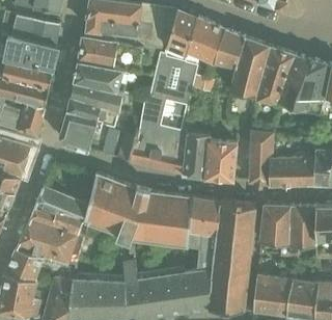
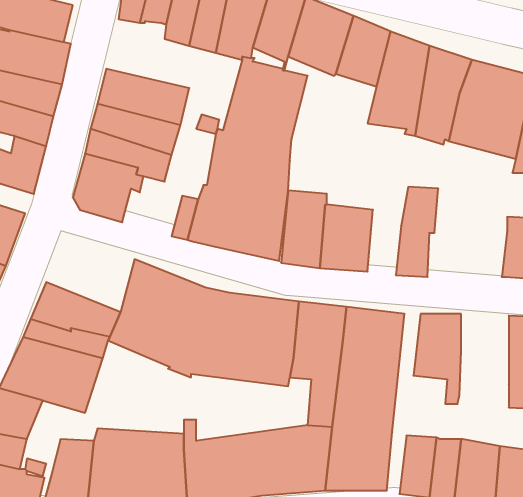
building: [79,36,143,70] -> none
building: [268,157,314,185] -> none
building: [285,206,315,260] -> none

